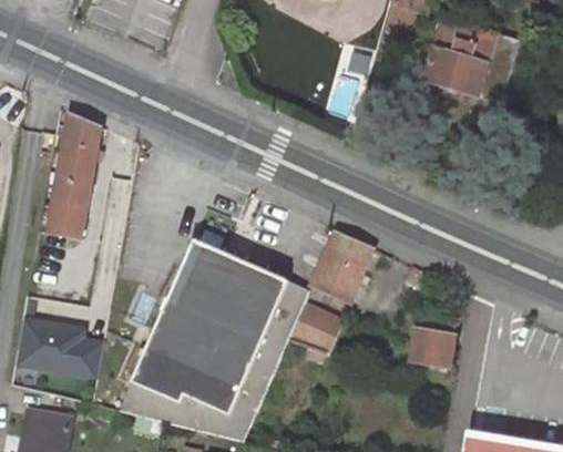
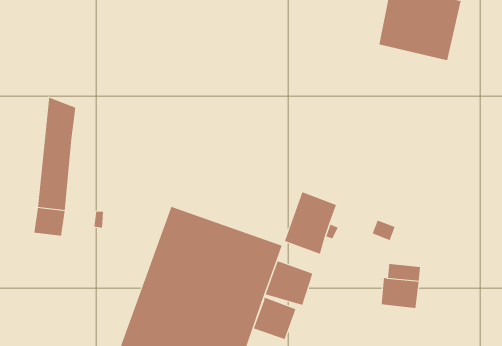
building: [17,310,102,376] -> none
building: none -> [253,297,296,340]

